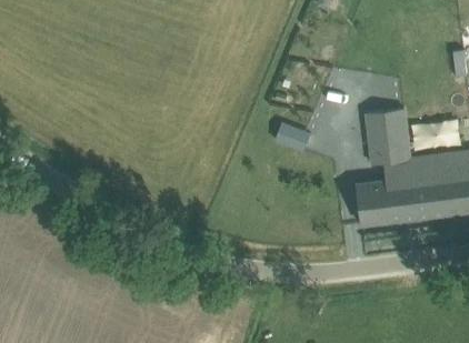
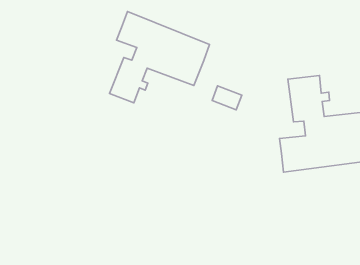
building: none -> [109,12,210,103]

